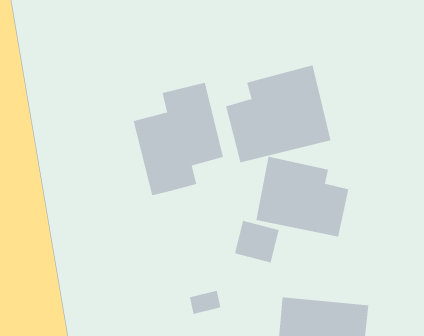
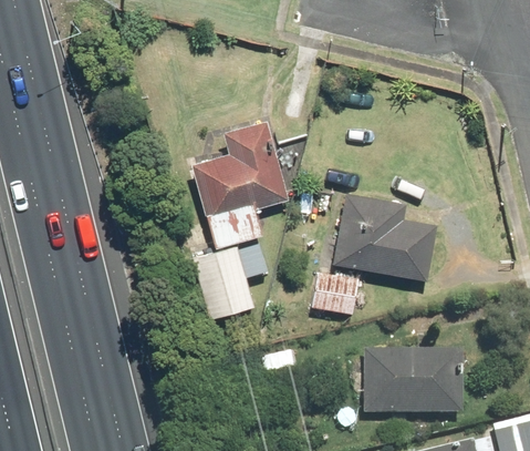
building: [225,65,331,163] -> none
building: none -> [191,240,258,318]

